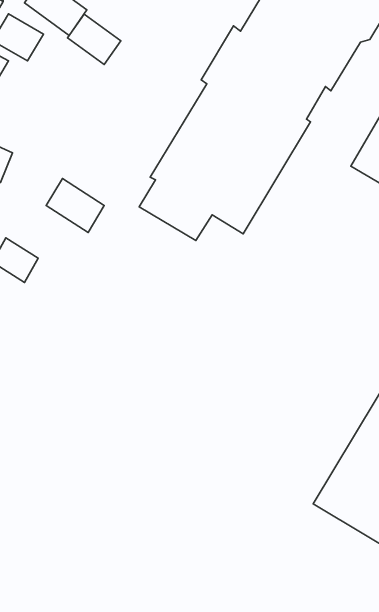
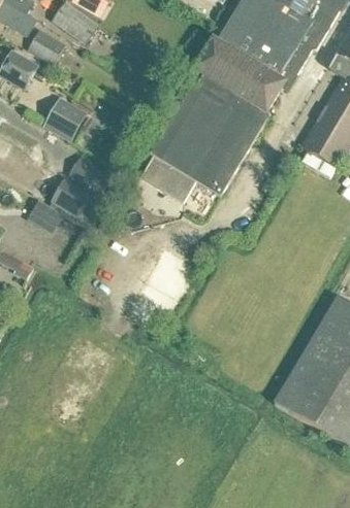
building: [67,14,121,65] -> none
building: none -> [42,95,88,140]
building: none -> [51,176,93,216]

